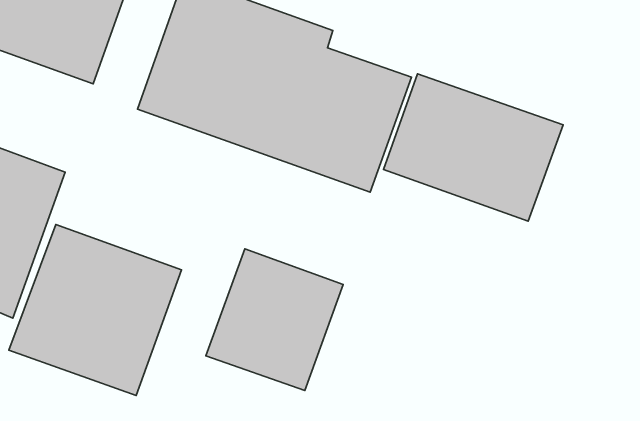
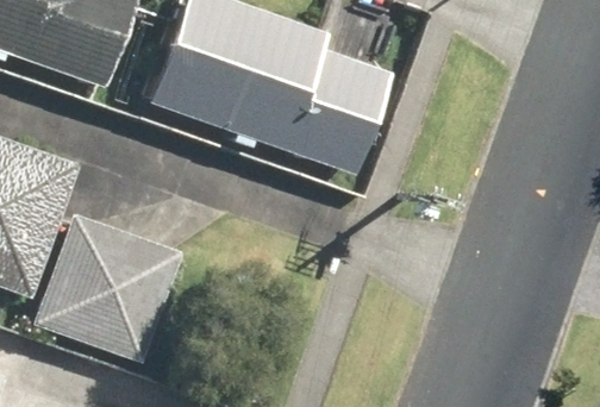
building: [383,74,563,221] -> none
building: [206,249,343,391] -> none

